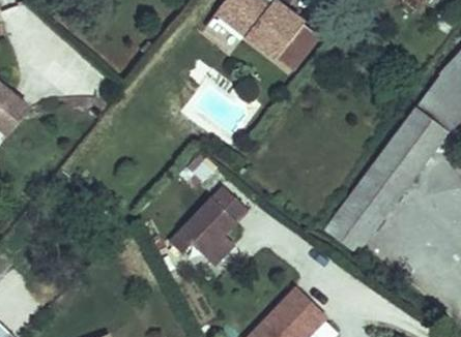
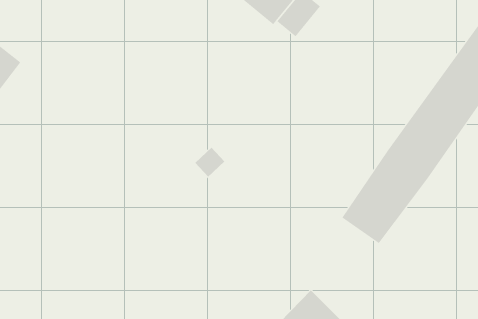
building: [175,189,253,269] -> none

